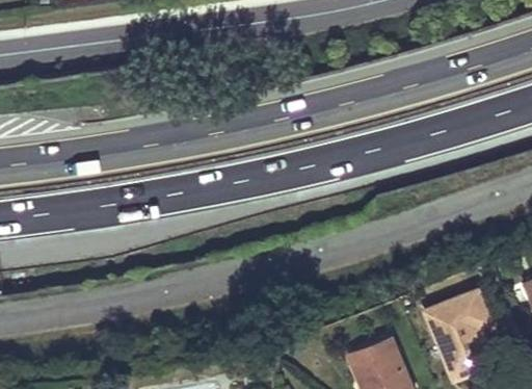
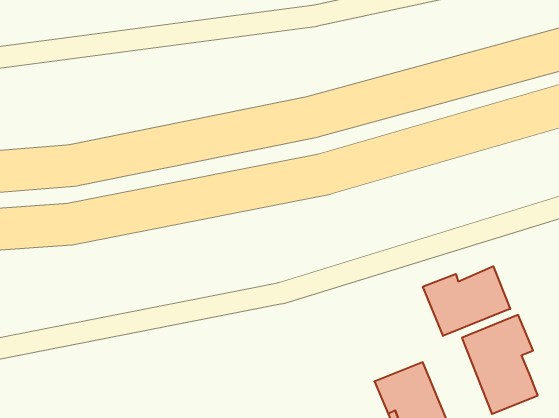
building: none -> [423,266,510,336]

